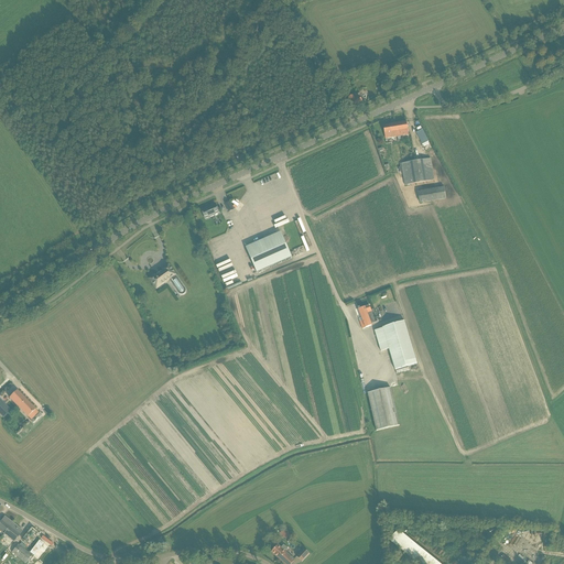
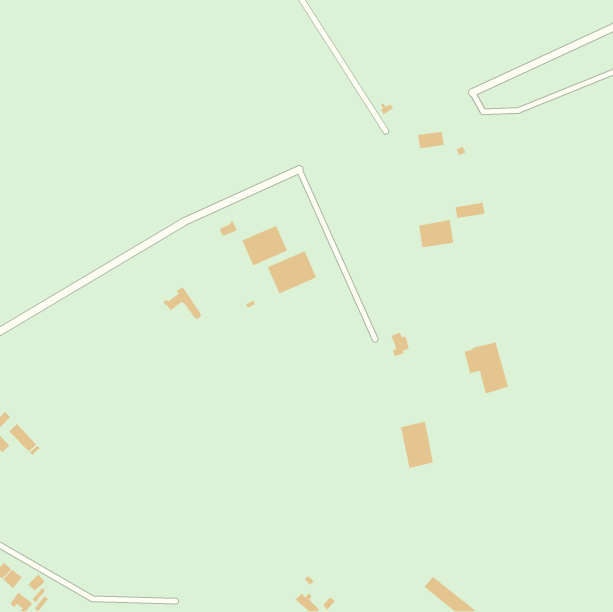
building: [400,156,433,183] -> [418,219,454,248]
building: none -> [241,225,288,266]
building: [373,319,415,368] -> [464,342,509,394]

